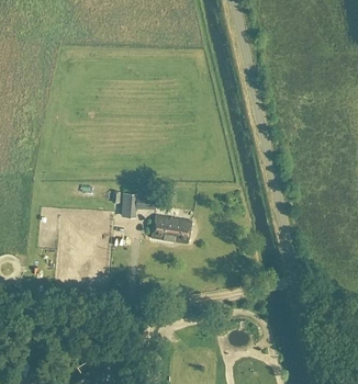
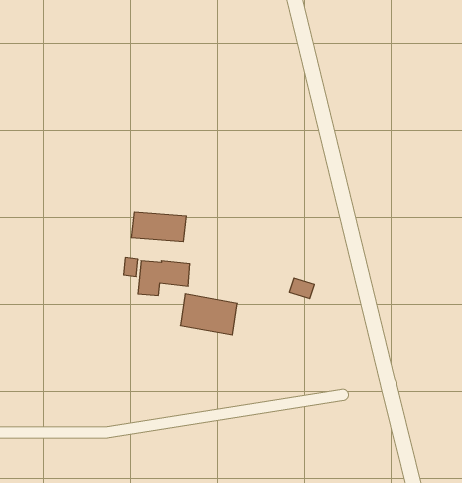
building: none -> [131,212,186,242]

